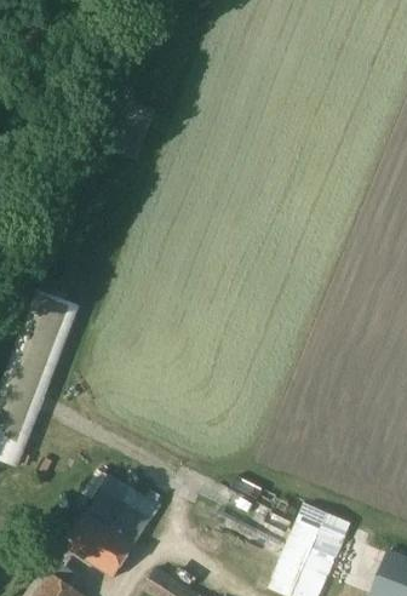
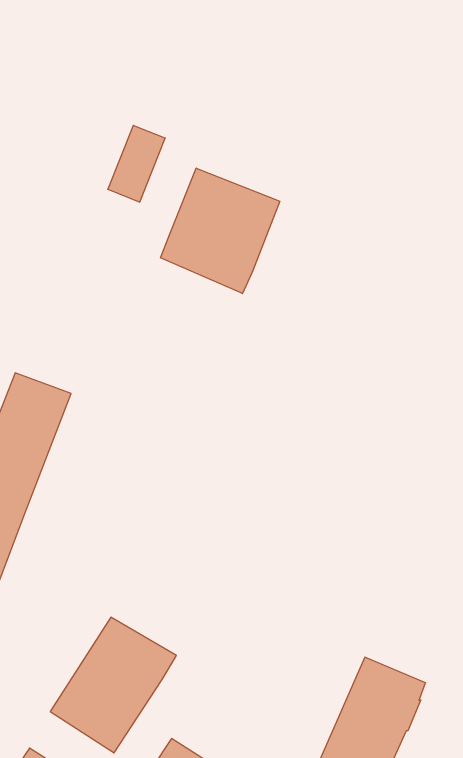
building: none -> [160,168,280,294]

